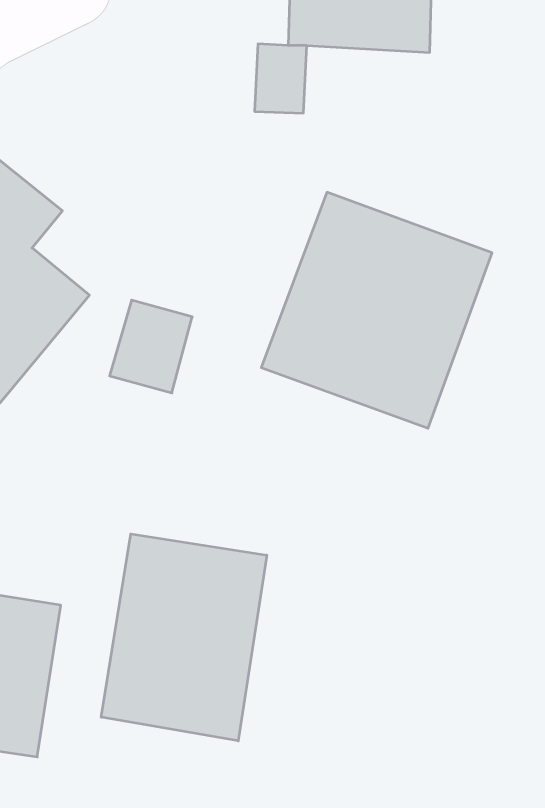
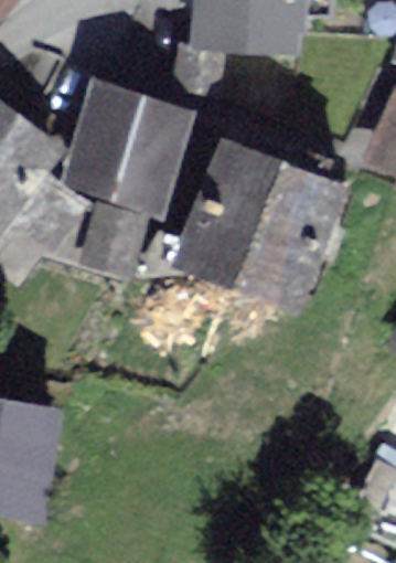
building: none -> [67,86,184,209]
building: [101,534,267,741] -> none

